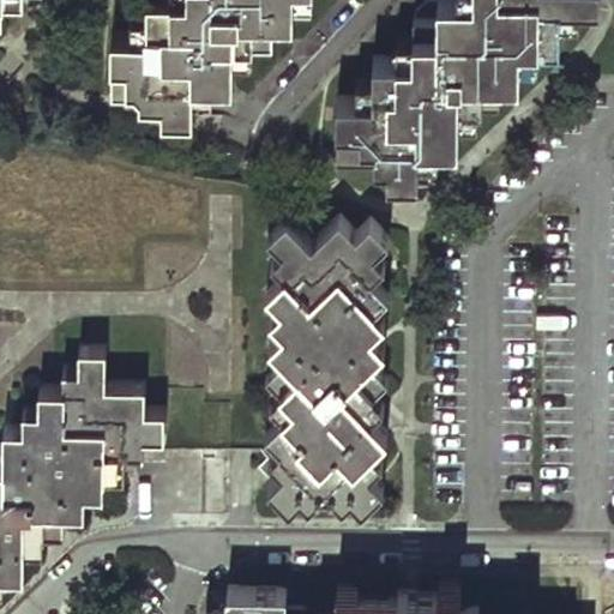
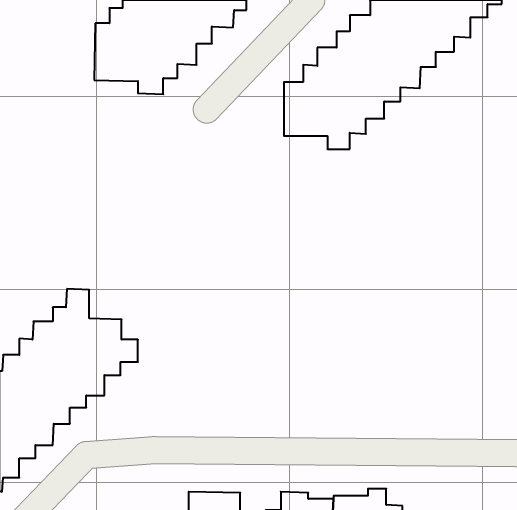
building: [265,221,387,512] -> none

